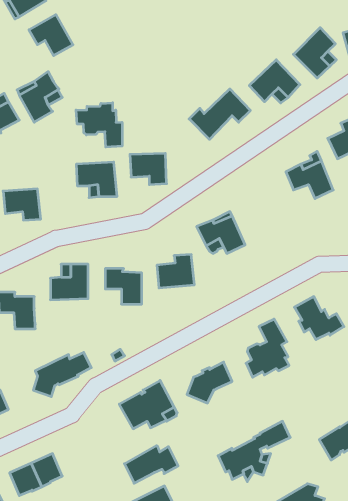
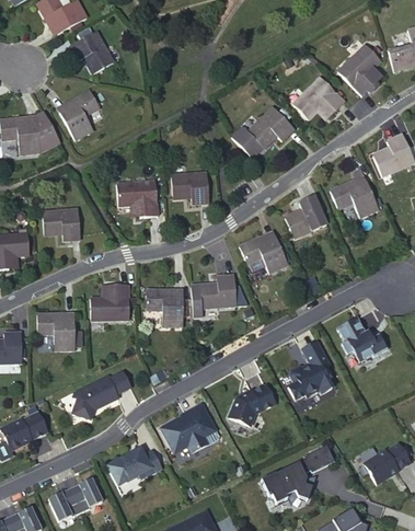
building: [76,103,122,147] -> none
building: none -> [284,196,326,239]
building: [124,446,178,483] -> [107,447,162,485]

